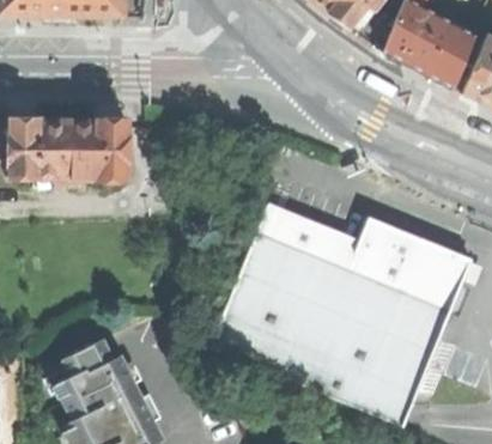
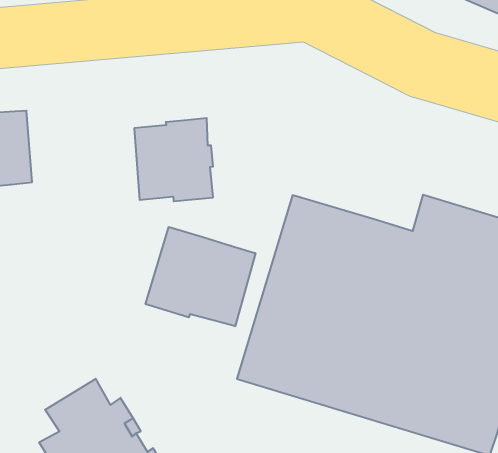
building: [68,121,128,183] -> [134,118,213,201]
building: none -> [146,227,255,326]

